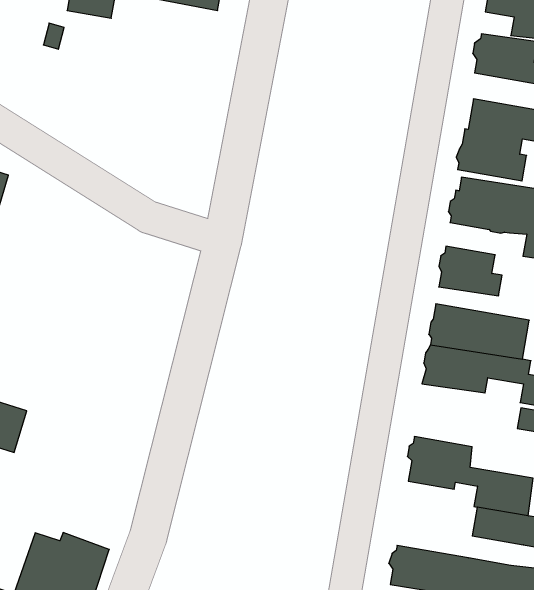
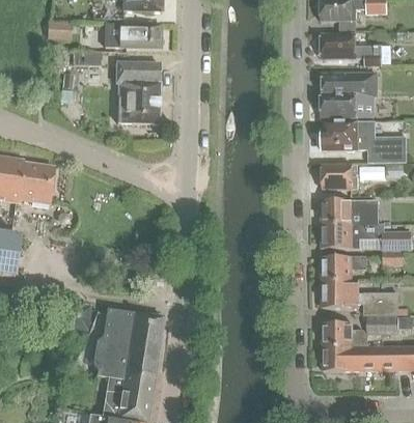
building: none -> [116,61,160,123]
building: none -> [321,256,366,280]
building: none -> [92,305,164,378]
building: none -> [322,321,367,346]

